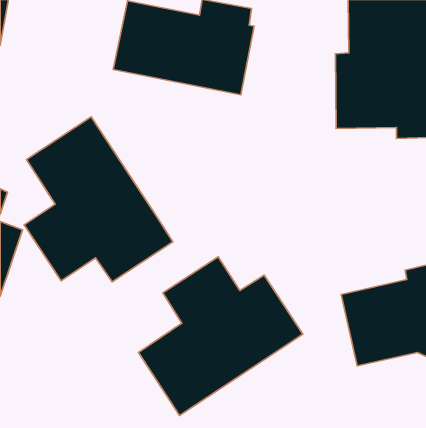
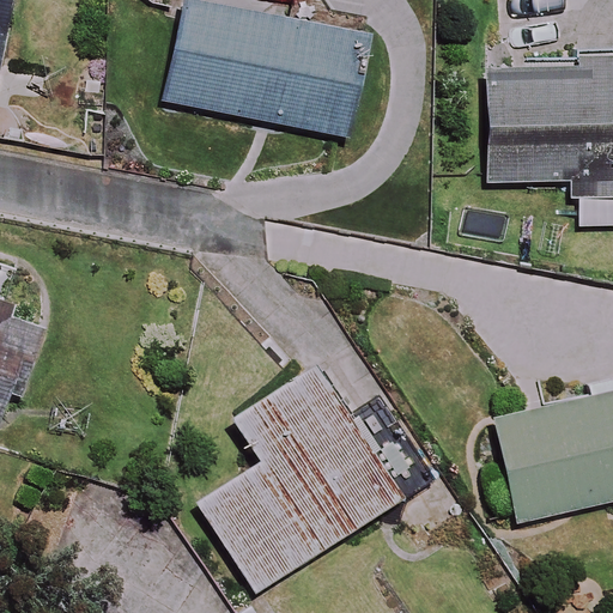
building: [24,117,173,282] -> none

